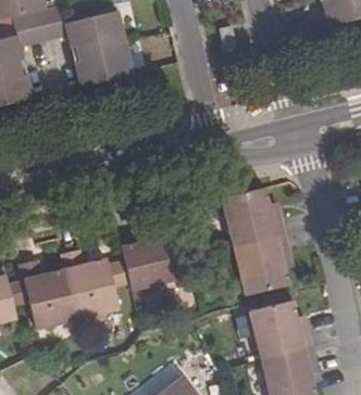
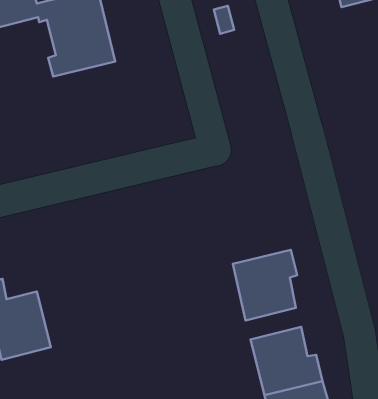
building: [223,188,285,246] -> none
building: [121,235,175,290] -> none
building: [63,252,120,318] -> none

